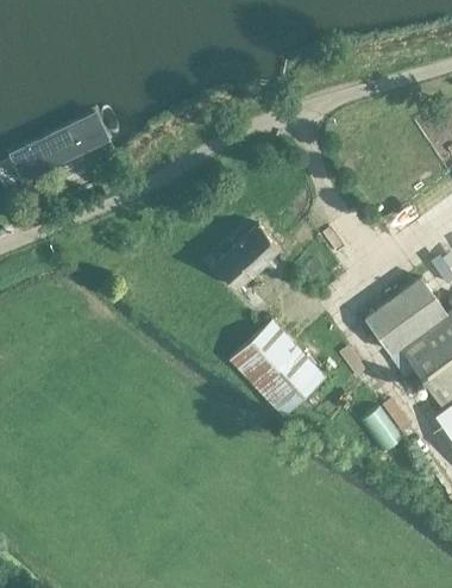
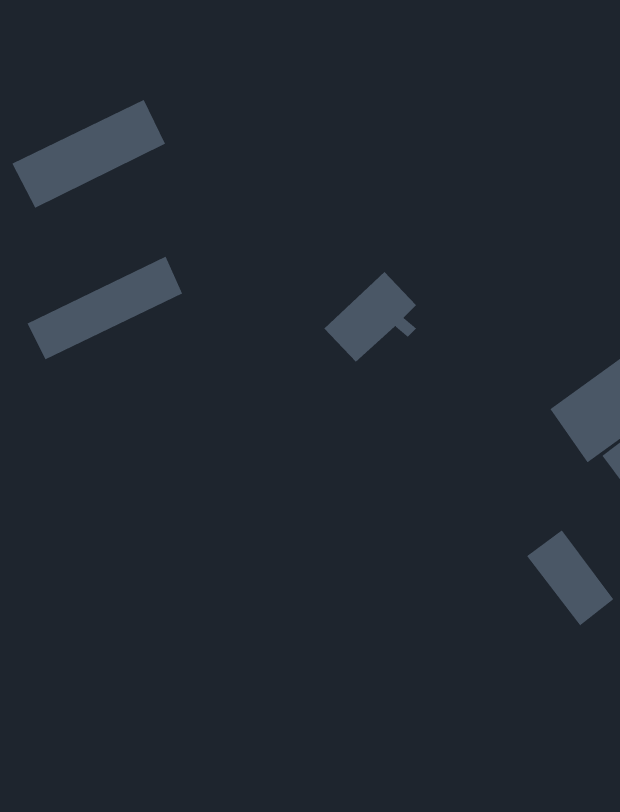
building: none -> [27,256,183,360]
building: [230,321,325,417] -> none

